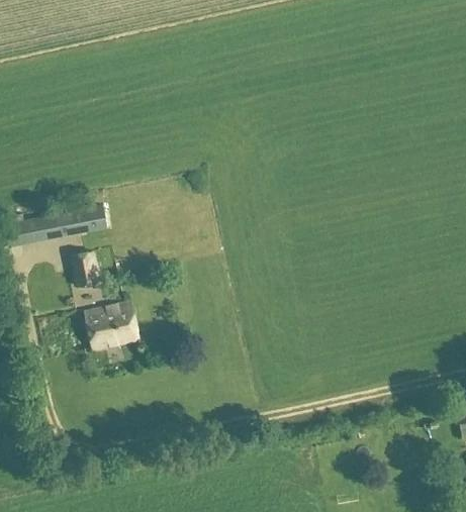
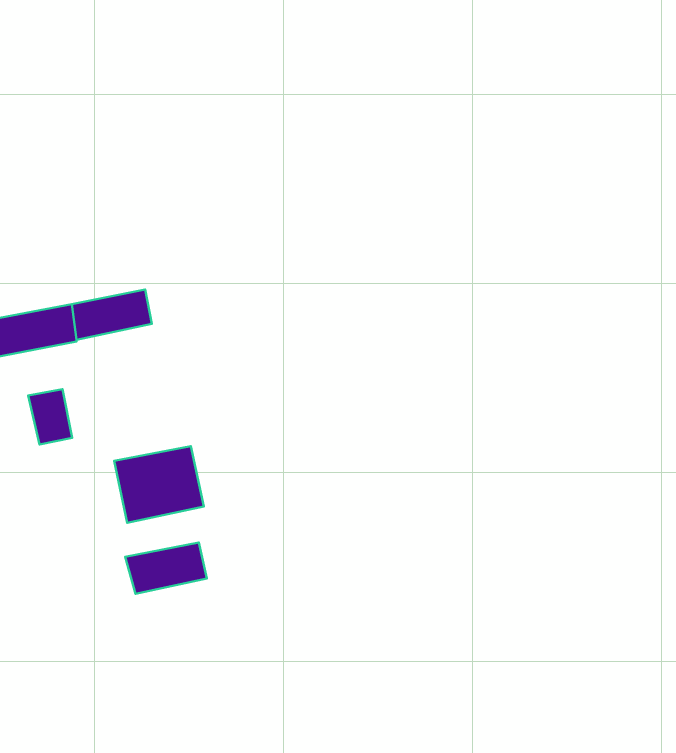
building: [71,251,98,286] -> [28,389,72,444]
building: none -> [125,543,207,594]

